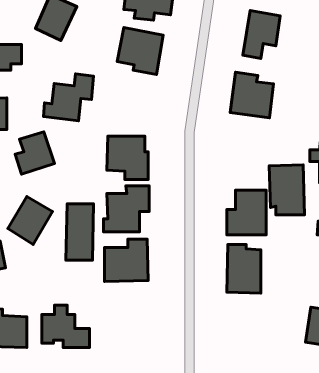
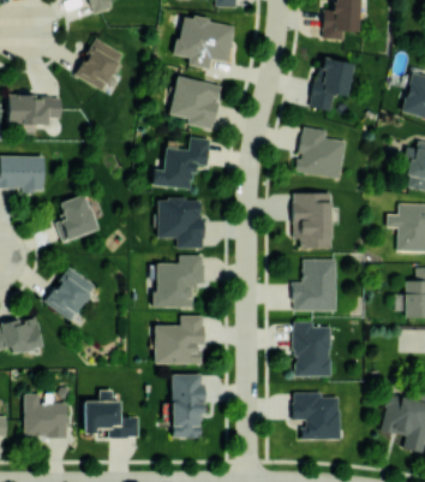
building: [43,74,93,121] -> [154,136,210,189]
building: [269,165,304,215] -> [293,191,333,248]
building: [66,204,94,260] -> [172,374,203,438]
building: none -> [293,393,341,439]

